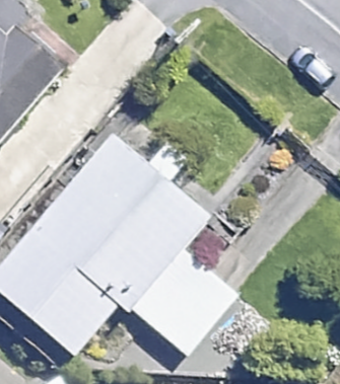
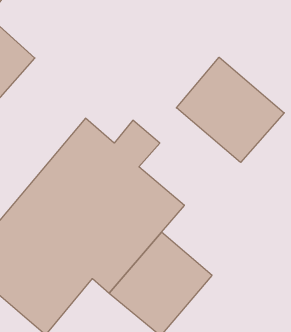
building: none -> [176,57,284,162]

